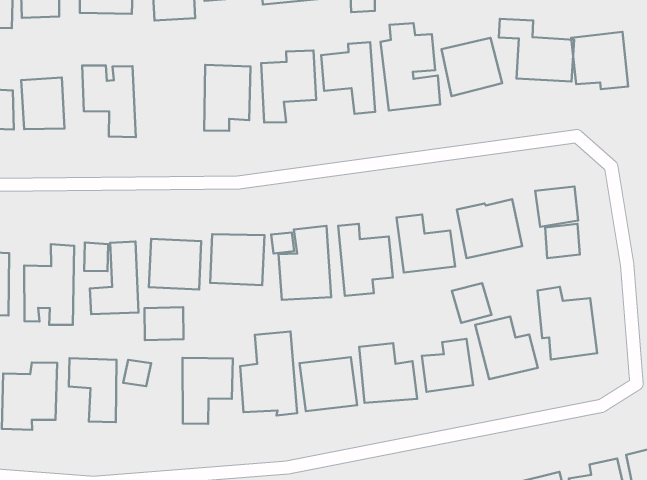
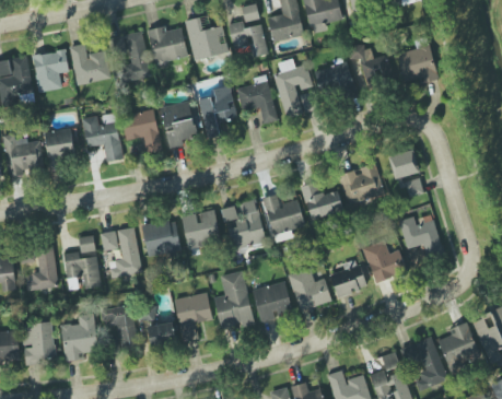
building: none -> [121,108,162,153]
building: [452,283,491,323] -> none
building: [144,307,184,340] -> [148,321,176,347]

